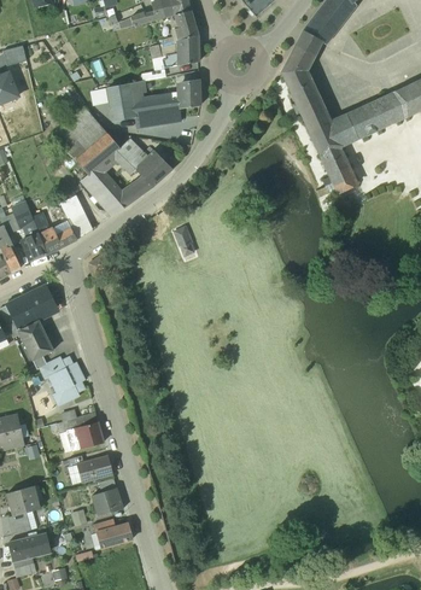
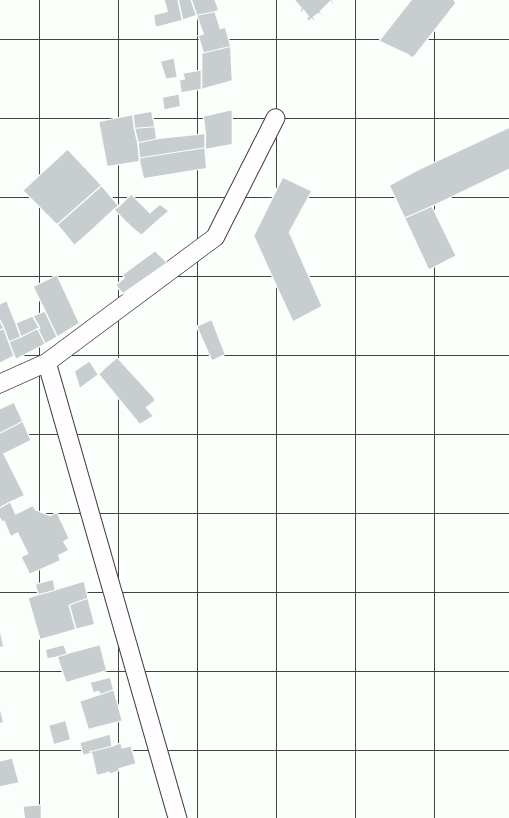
building: [281,31,329,133] -> [253,177,322,322]
building: [135,151,171,187] -> none
building: [83,168,123,215] -> [98,357,155,425]

